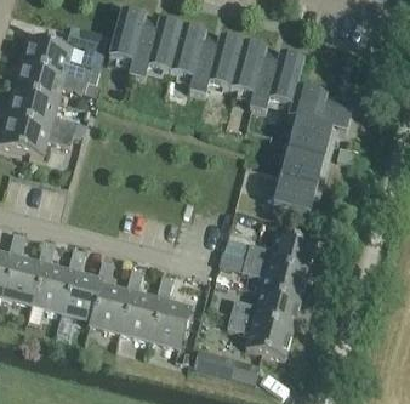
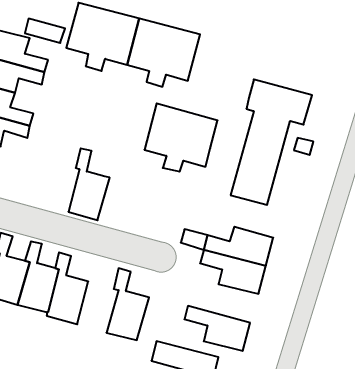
building: [230,42,303,110] -> [144,103,218,172]
building: [120,268,161,340] -> [68,148,110,220]
building: [230,291,301,330] -> none

